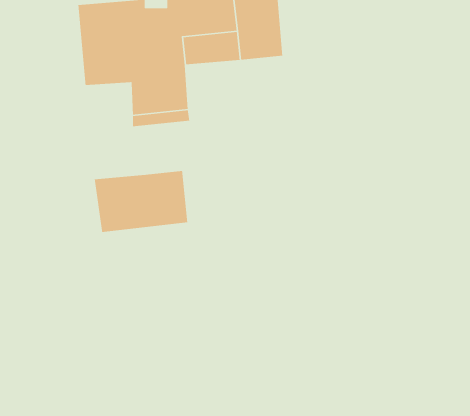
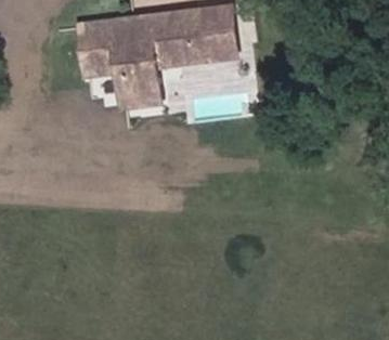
building: [94,170,188,233] -> none

